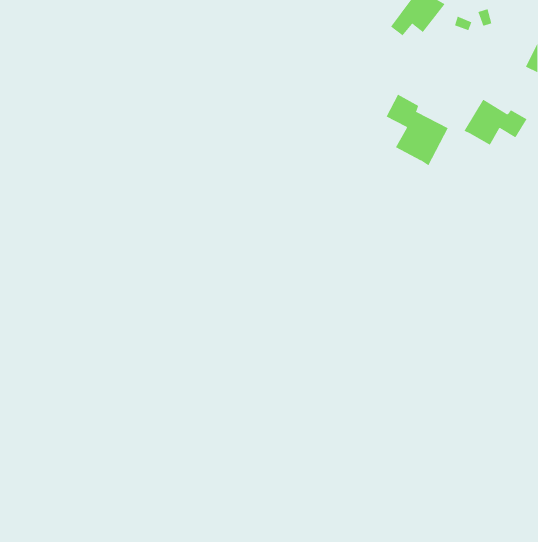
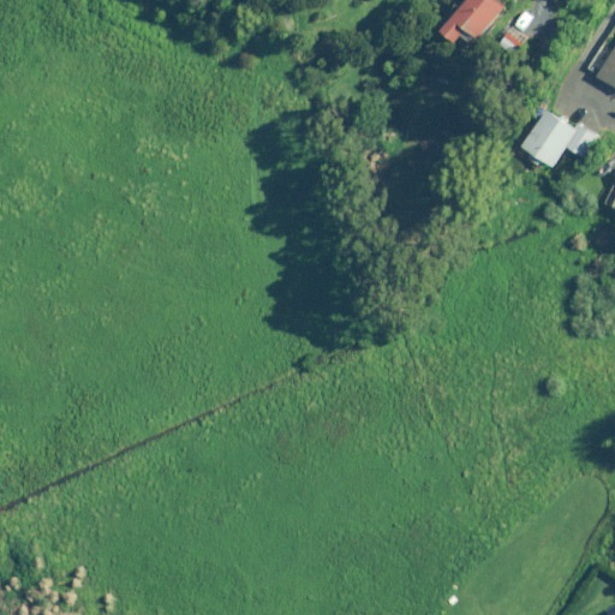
building: [386,94,448,166] -> none

